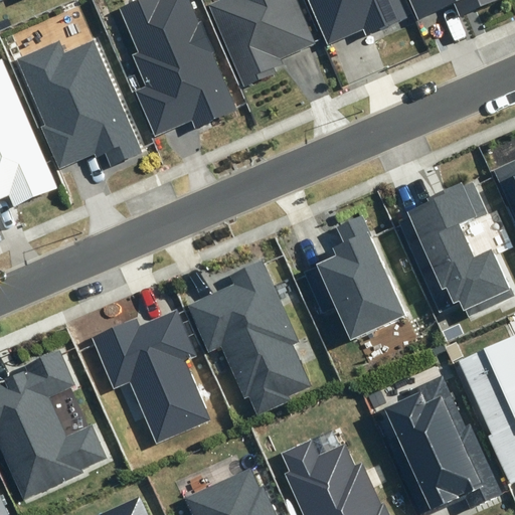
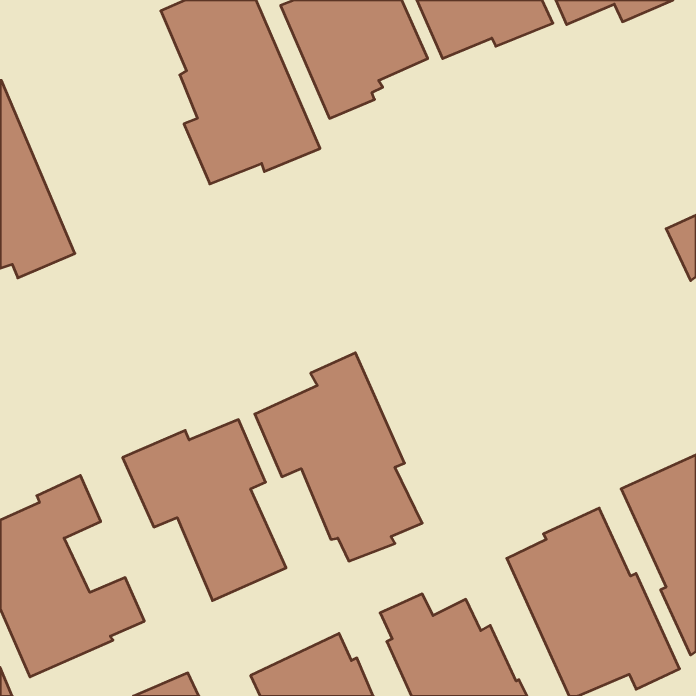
building: [15,39,146,169] -> none
building: [397,183,509,314] -> none
building: [302,216,407,342] -> none

